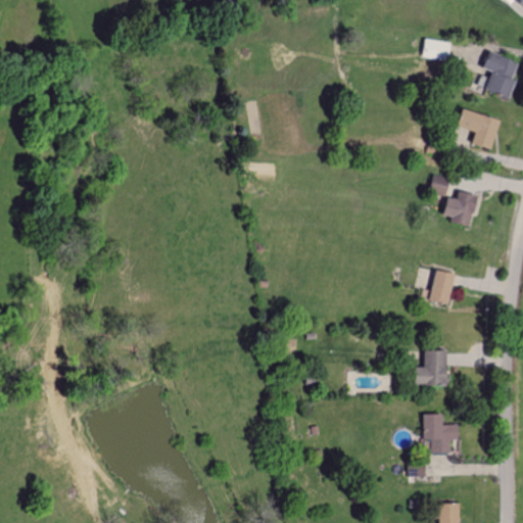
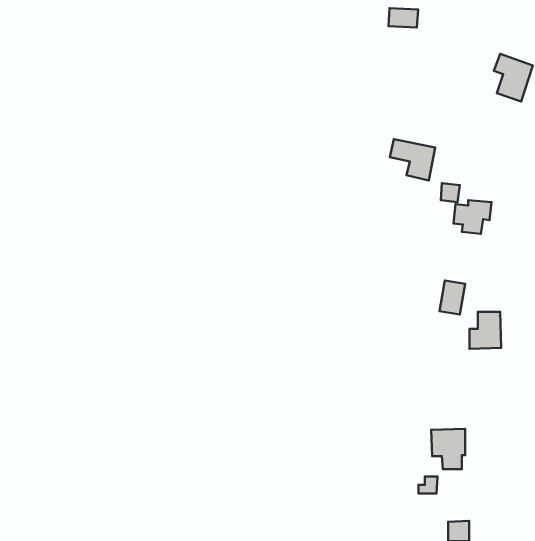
building: [424,40,453,58] -> [388,8,418,27]
building: [456,109,500,149] -> [390,139,435,180]
building: [414,350,444,386] -> [469,312,501,349]

